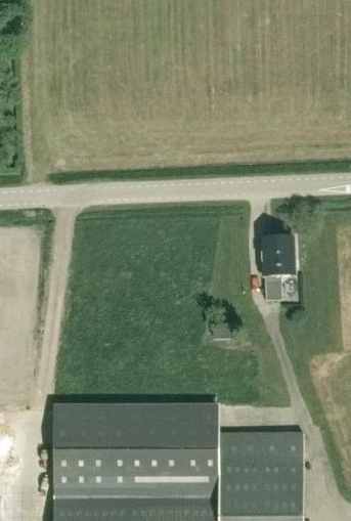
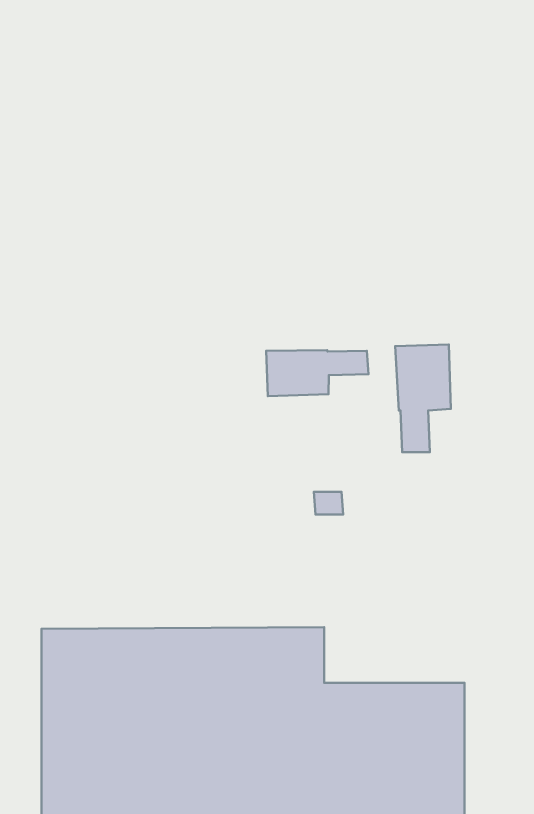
building: none -> [266,350,368,396]

